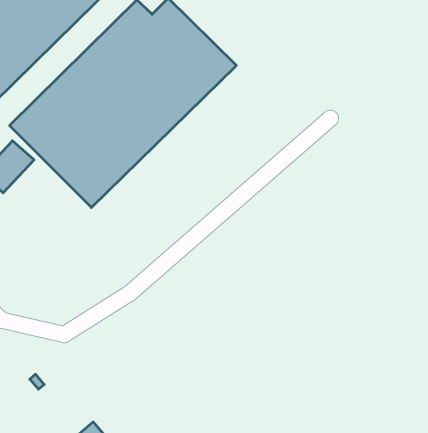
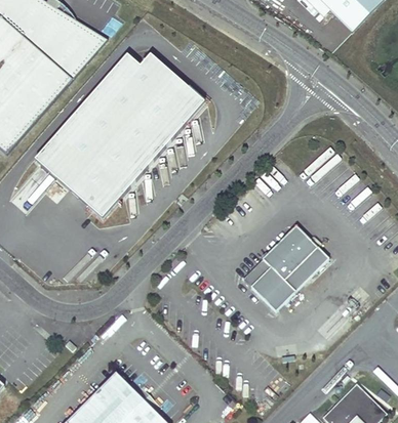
building: none -> [242,226,329,312]

